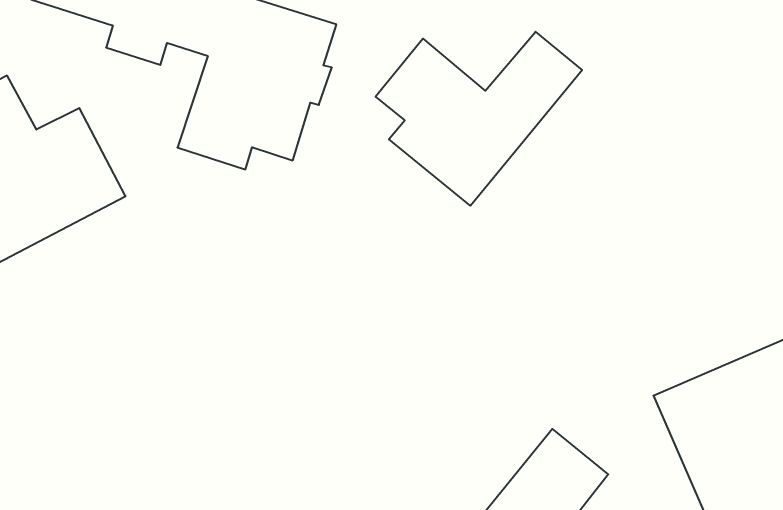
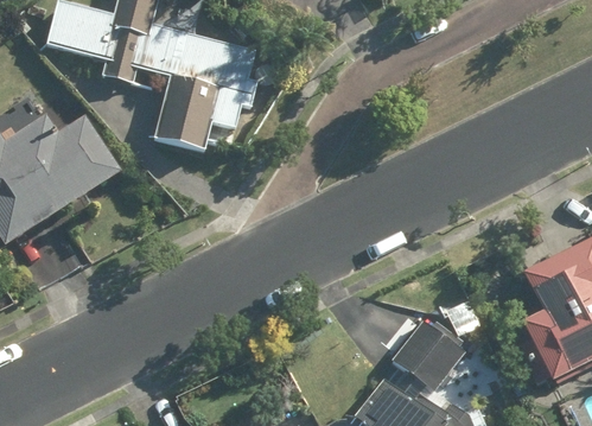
building: [376,32,582,206] -> none

